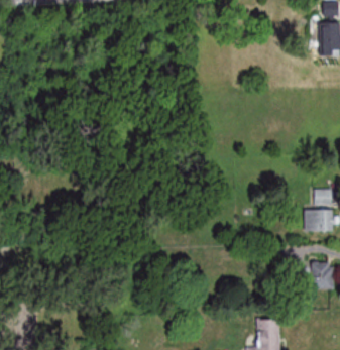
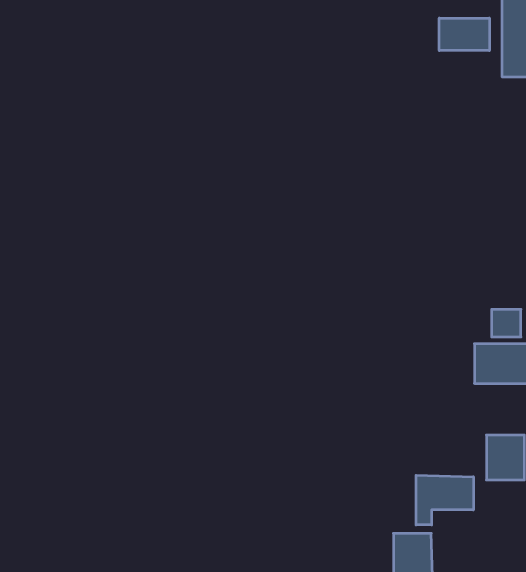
building: none -> [439,18,489,51]
building: none -> [416,475,473,525]

